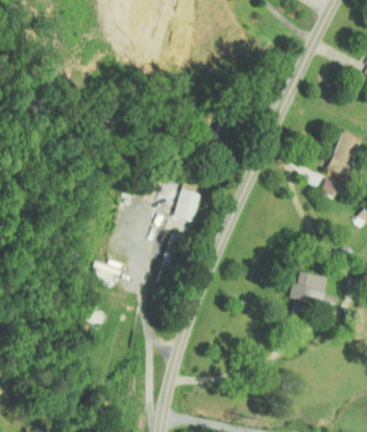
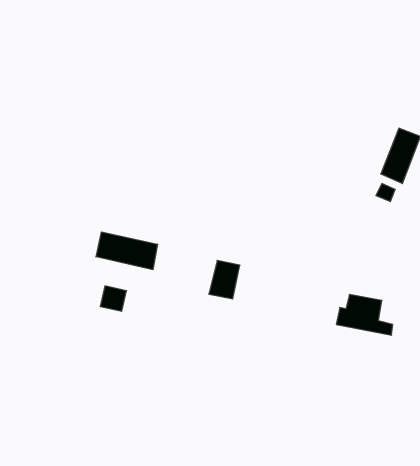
building: [173,189,200,221] -> [209,260,240,299]
building: none -> [96,232,157,270]

